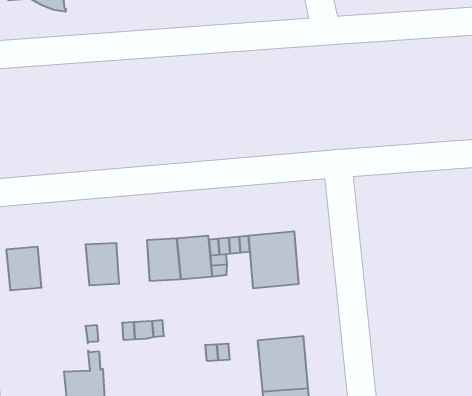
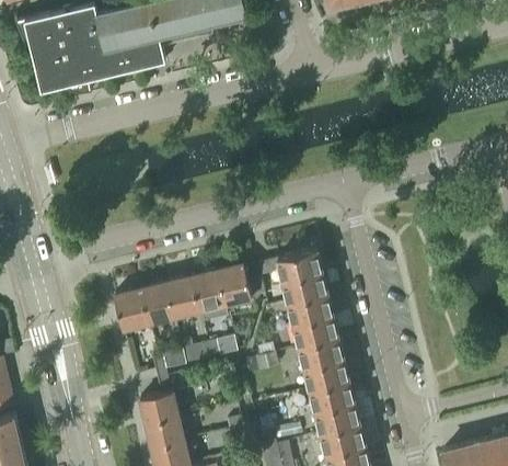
building: none -> [166,277,199,318]
building: [6,247,42,290] -> [114,289,149,330]
building: none -> [288,294,337,348]

